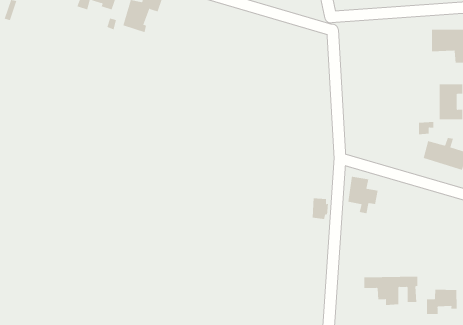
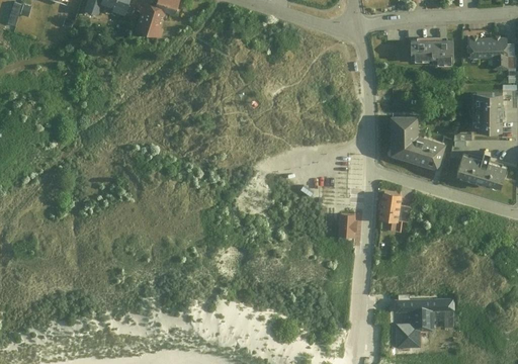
building: none -> [410,40,453,61]
building: none -> [392,115,447,170]
building: [426,289,457,315] -> none
building: none -> [396,325,418,347]

